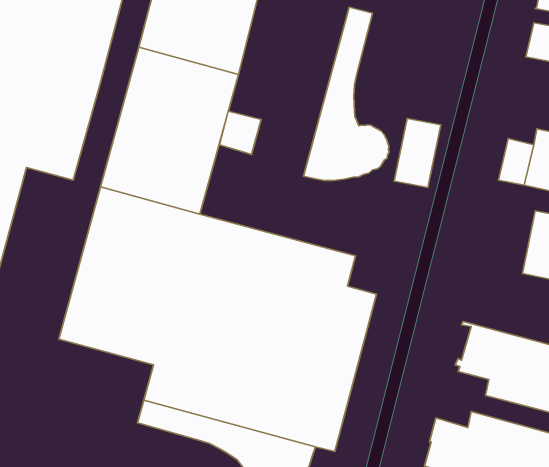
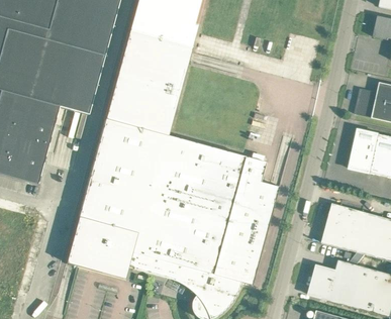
building: [304,7,389,181] -> none
building: [220,111,261,155] -> none
building: [394,119,441,188] -> [350,129,379,173]
building: none -> [66,214,138,279]

